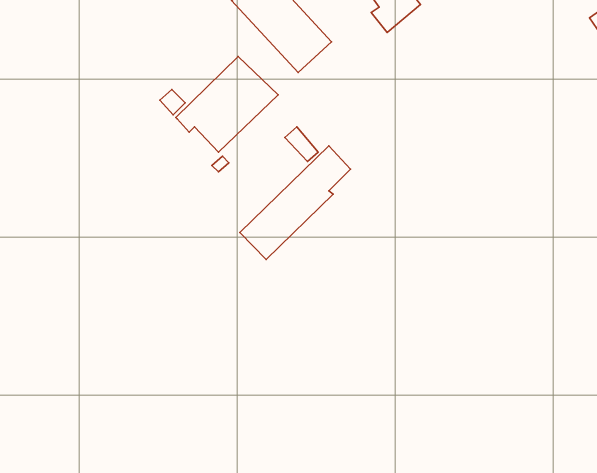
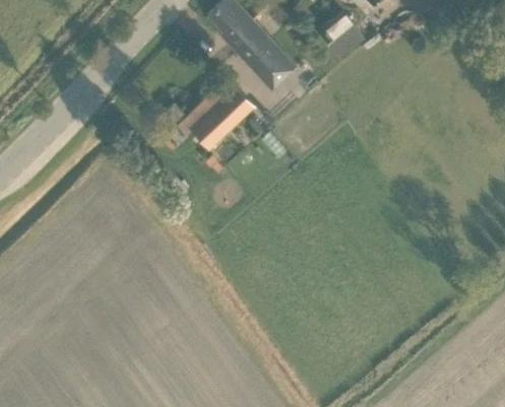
building: [240,146,351,259] -> none

